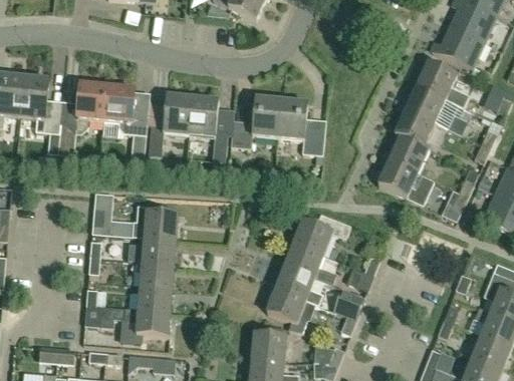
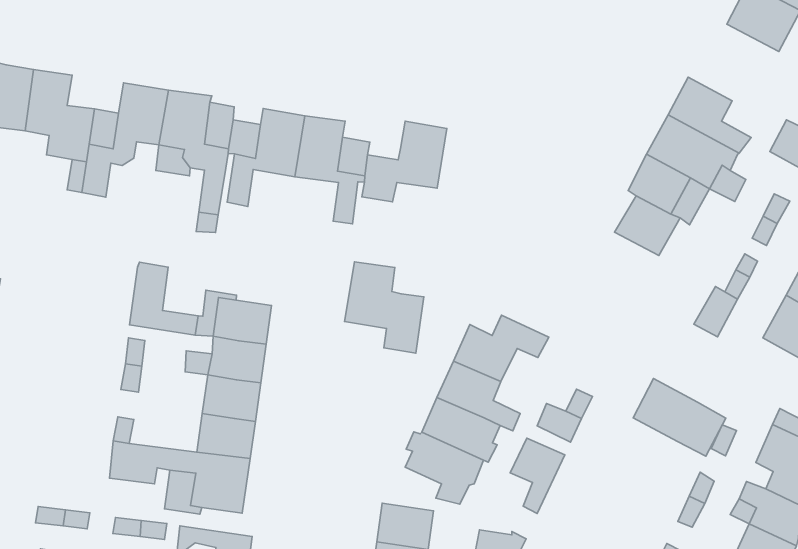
building: [432,26,484,68] -> none
building: [277,100,325,154] -> [345,262,424,353]
building: [377,158,435,205] -> [633,378,726,456]

